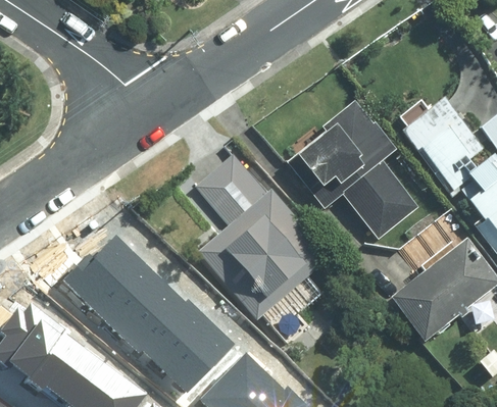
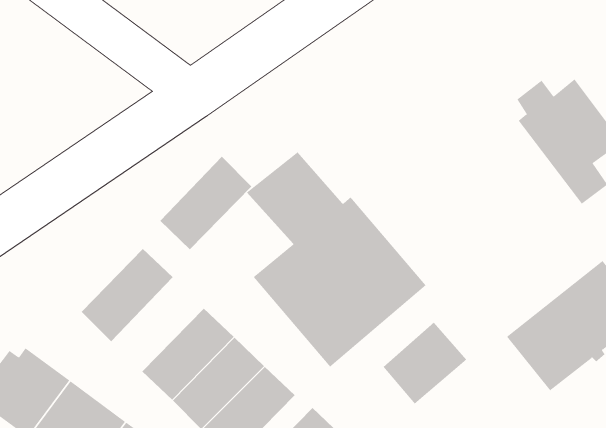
building: [288,100,419,241] -> none
building: [90,252,161,324] -> [159,156,252,250]
building: none -> [383,322,467,404]

